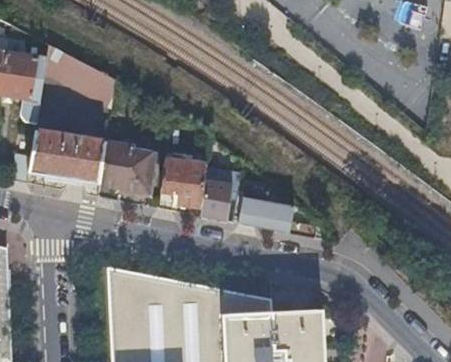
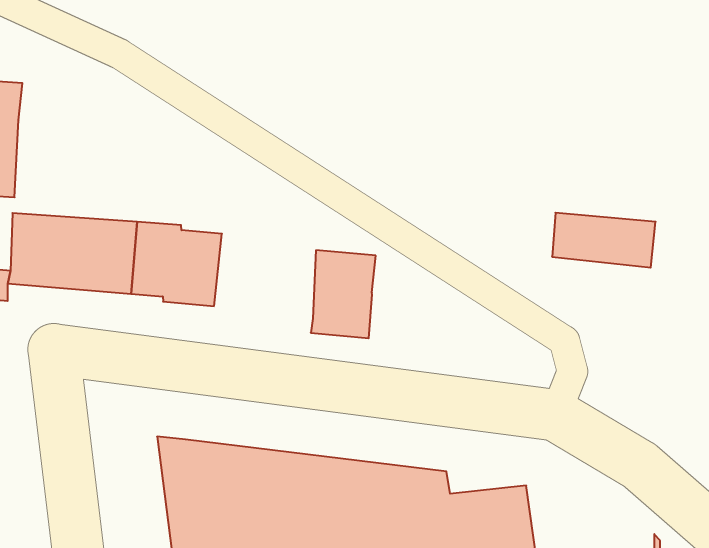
building: [43,42,117,107] -> none
building: [161,159,208,207] -> none
building: [233,196,294,232] -> [552,213,656,268]

